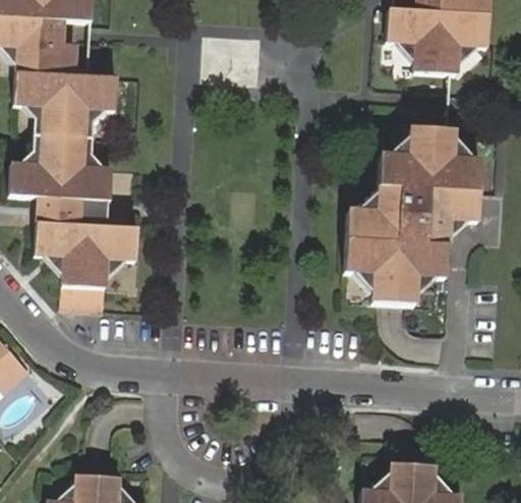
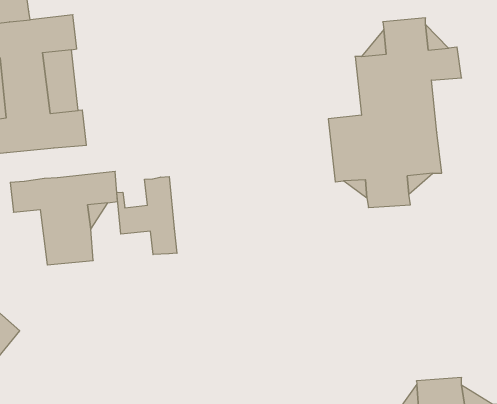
building: [446,187,476,237] -> none
building: [40,198,85,228] -> none
building: none -> [117,177,177,255]

